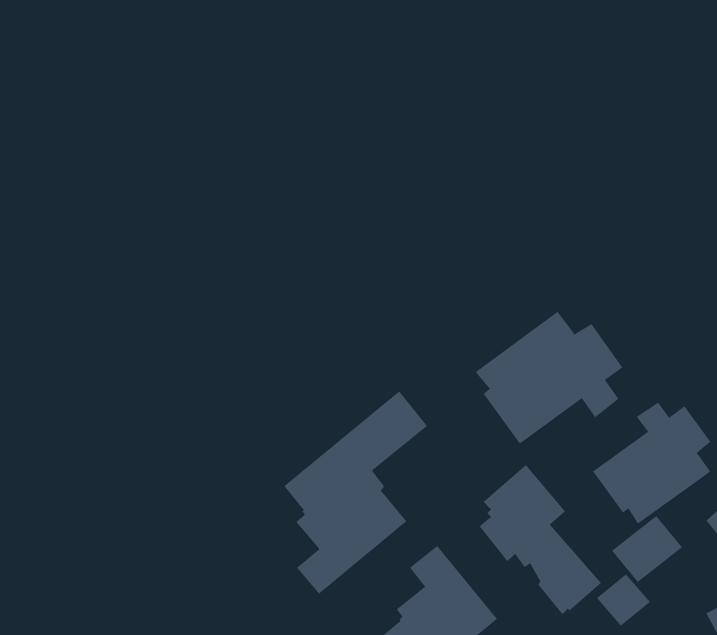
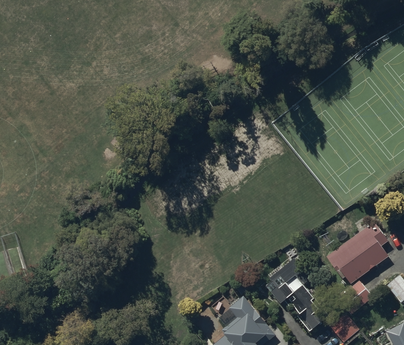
building: [475,311,623,444] -> none
building: [284,391,428,594] -> none

